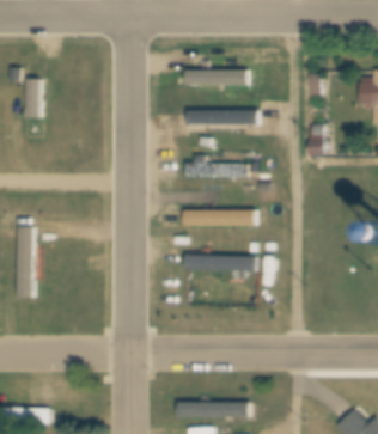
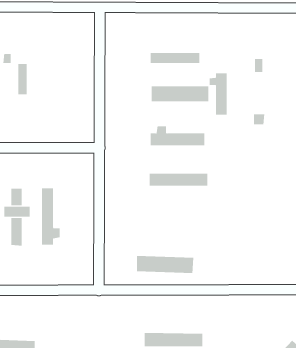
building: none -> [209,72,227,116]
building: none -> [42,187,60,245]
building: [184,253,254,275] -> [136,255,194,273]

